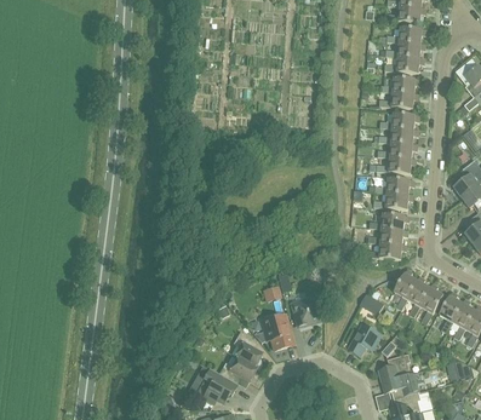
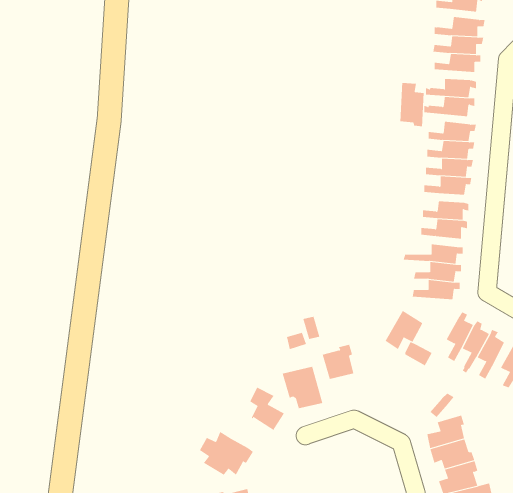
building: none -> [400,82,424,127]
building: [348,323,379,356] -> [385,310,423,350]
building: [218,356,256,381] -> none

